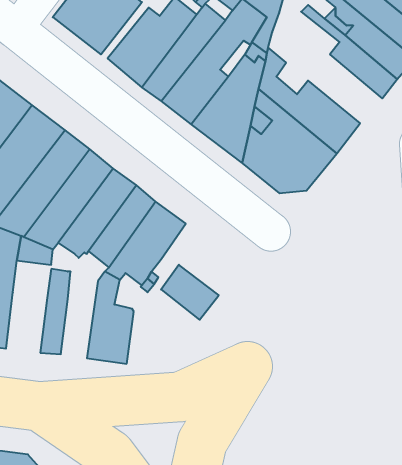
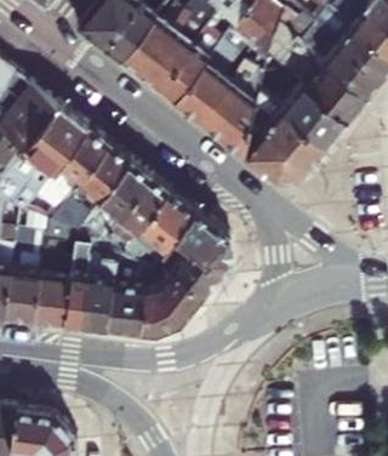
building: none -> [269,24,366,121]
building: none -> [171,210,230,273]
building: none -> [82,234,125,329]
building: none -> [141,268,205,335]
building: none -> [34,270,70,324]

